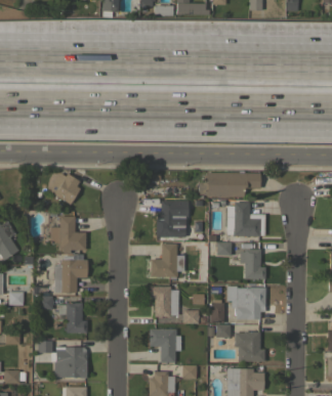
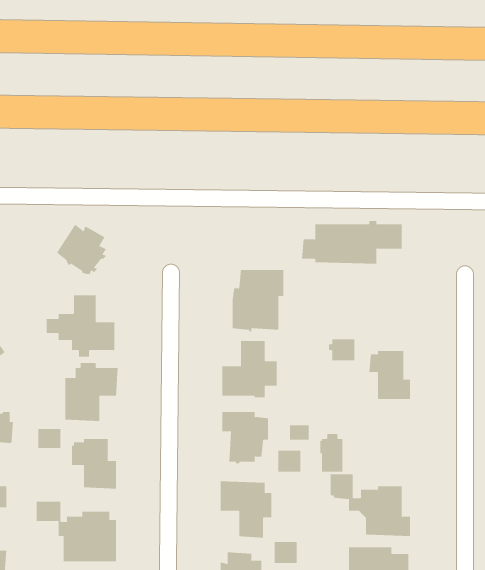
building: [227,203,265,236] -> none
building: [227,287,266,319] -> none

